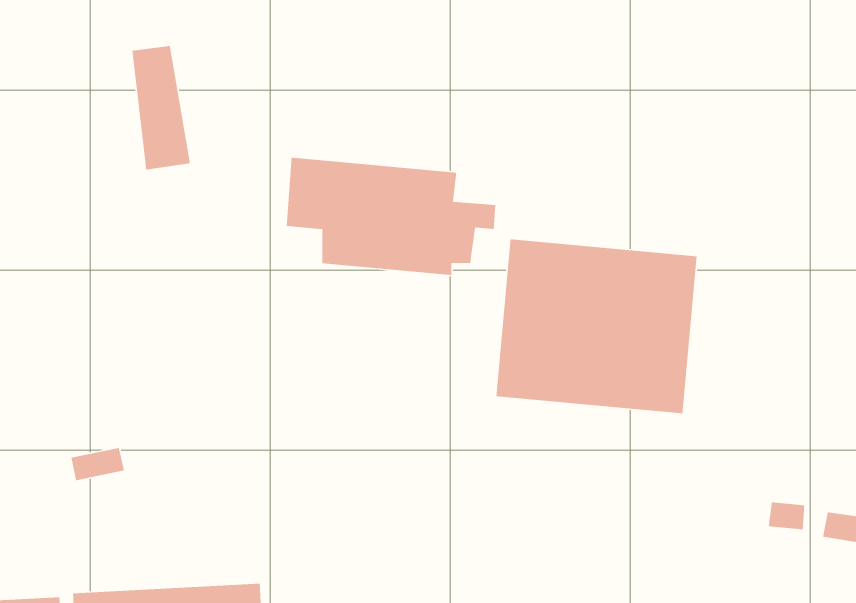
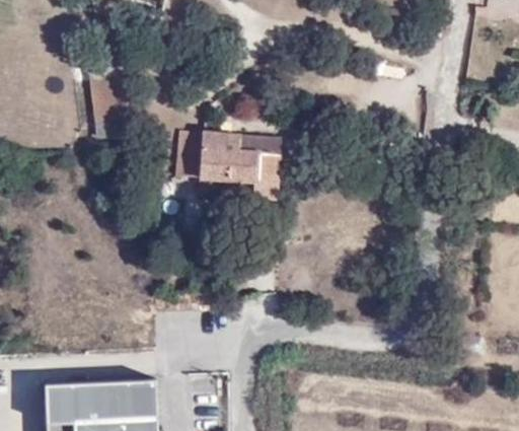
building: [495,239,698,414] -> none

